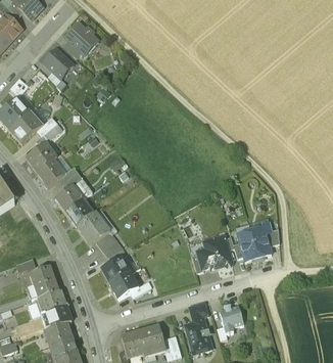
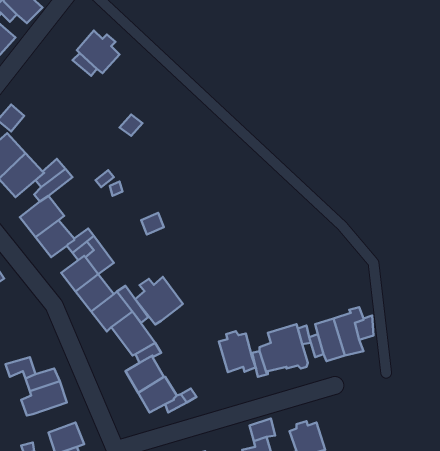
building: [43,48,73,78] -> none
building: none -> [135,277,183,325]
building: none -> [219,331,256,372]
building: [34,289,64,314] -> none

